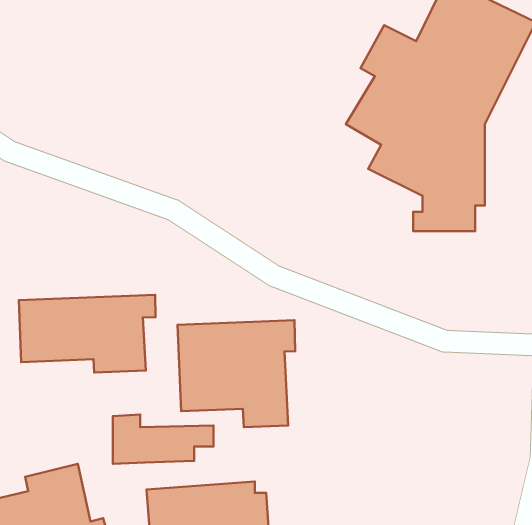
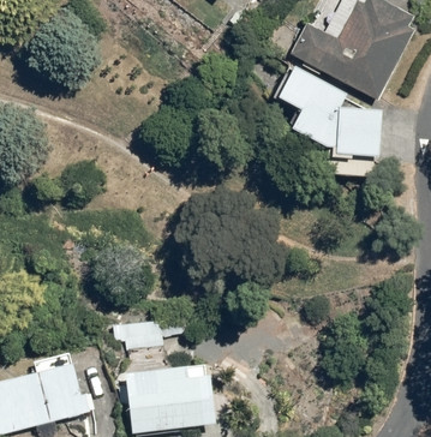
building: [19,295,155,373] -> none
building: [178,320,295,427] -> none

